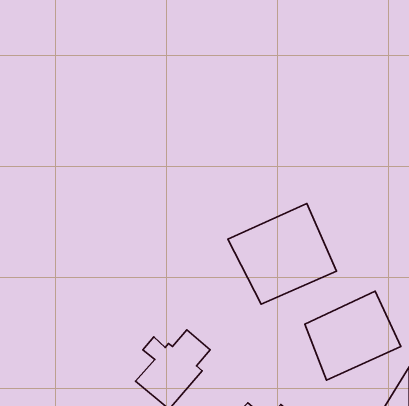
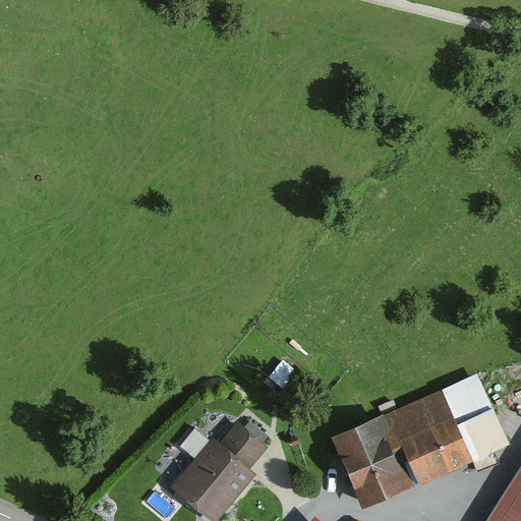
building: [228,204,337,304] -> none
building: none -> [331,413,414,509]

